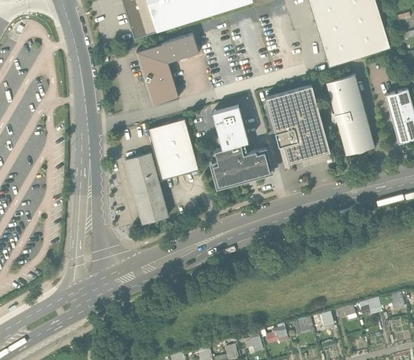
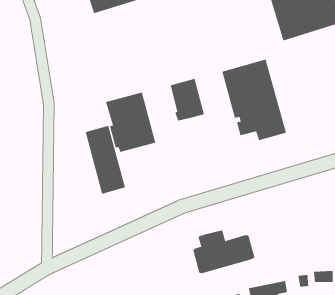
building: [136,34,198,106] -> none
building: [326,75,374,154] -> none
building: [209,144,273,189] -> [193,230,255,274]

